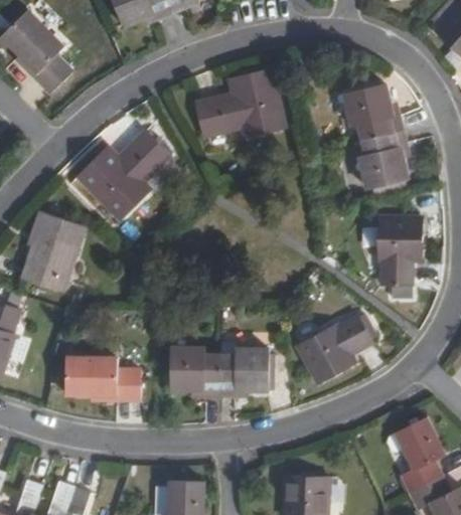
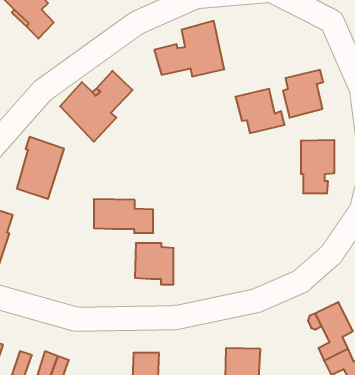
building: [341,84,403,140] -> [235,89,285,133]
building: [298,311,379,382] -> none
building: [219,347,268,397] -> none
building: [65,357,140,399] -> [94,199,153,233]

